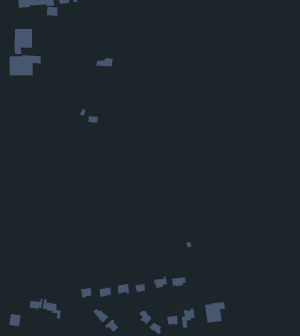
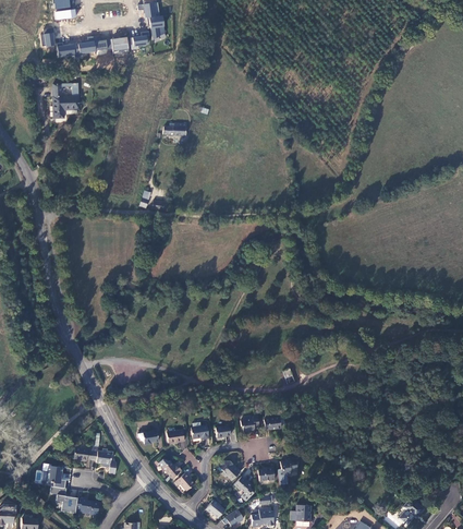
building: [9,55,41,76] -> none
building: [204,302,226,324] -> none

